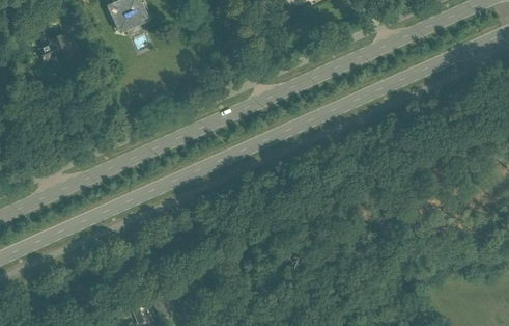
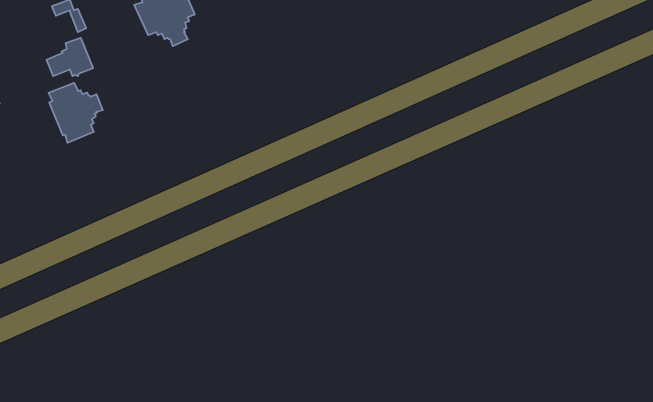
building: none -> [48,83,103,143]

